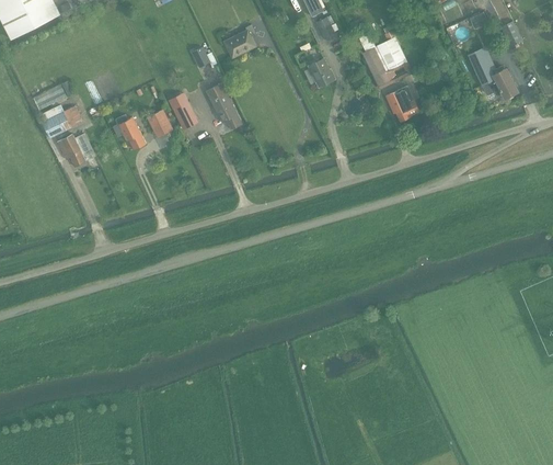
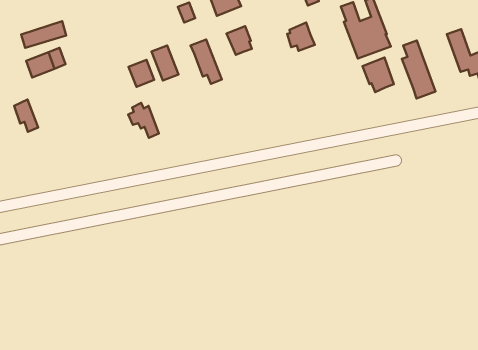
building: none -> [402,41,436,99]
building: none -> [227,26,252,55]
building: [113,114,146,149] -> [128,103,159,138]
building: [58,134,84,167] -> [14,100,38,132]

